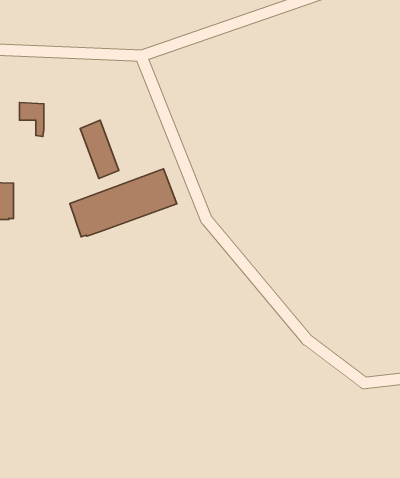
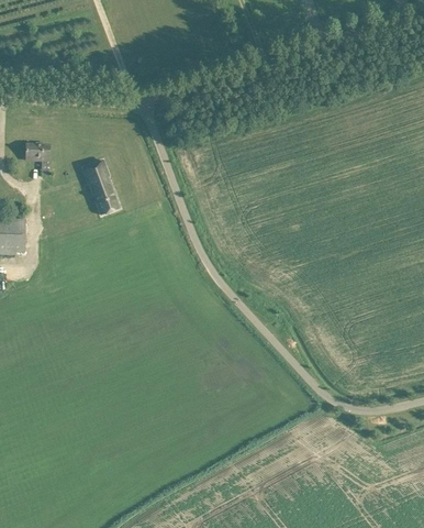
building: [70,169,177,237] -> none

